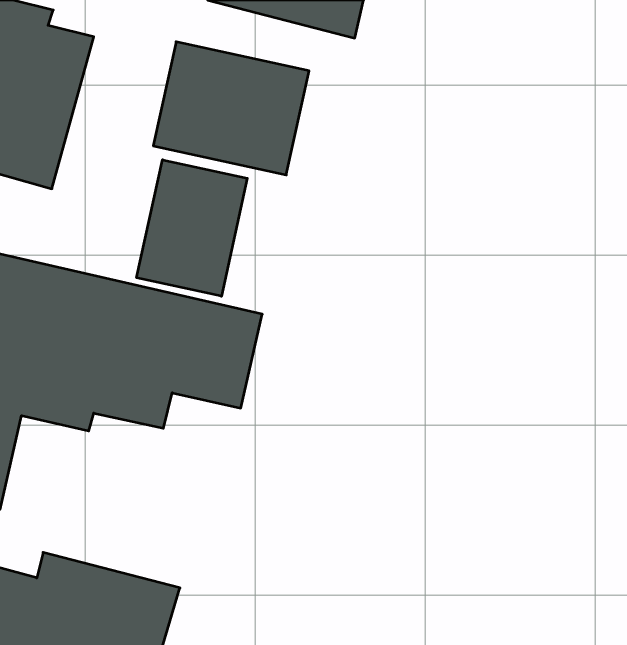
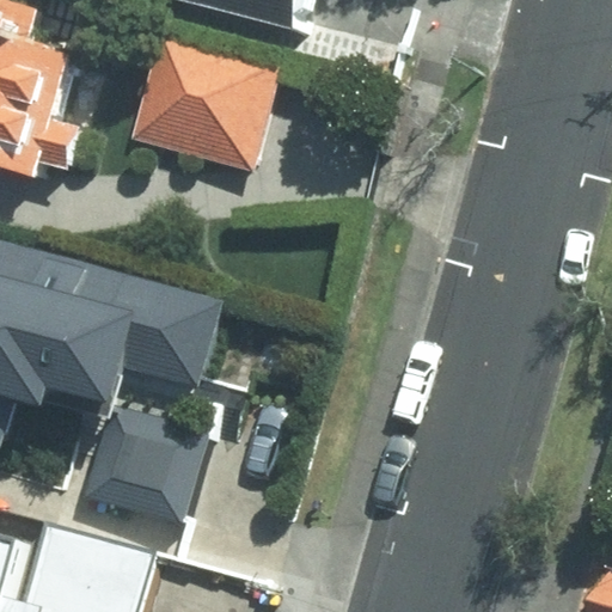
building: [137,160,247,296] -> none
building: none -> [86,415,215,528]

